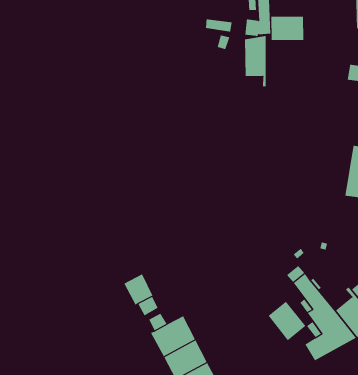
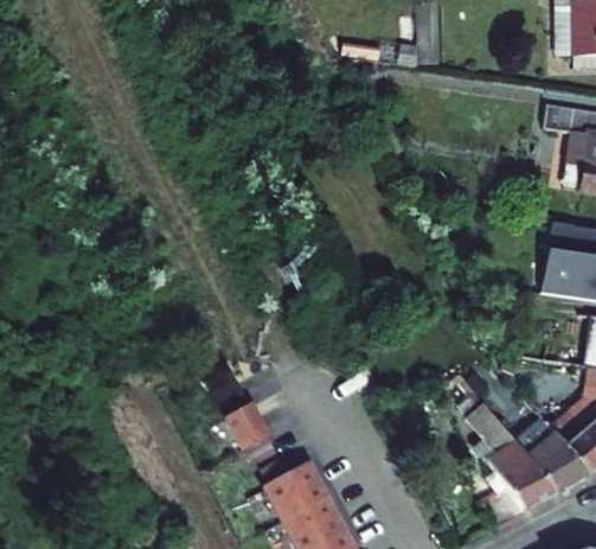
building: [271,16,304,41] -> none
building: [245,35,266,87] -> none
building: [268,301,306,341] -> none

